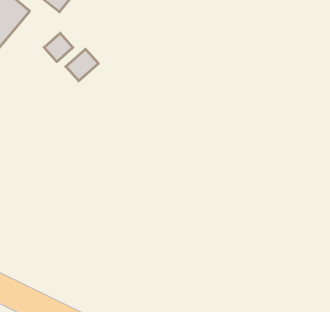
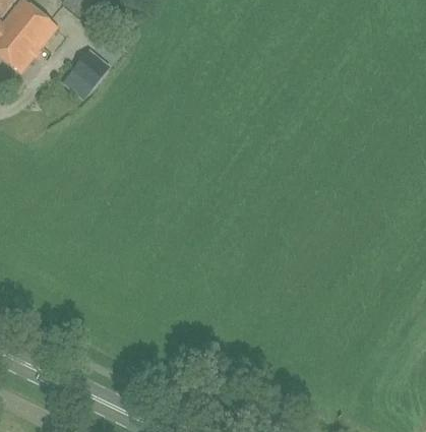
building: [66,49,98,81] -> none

